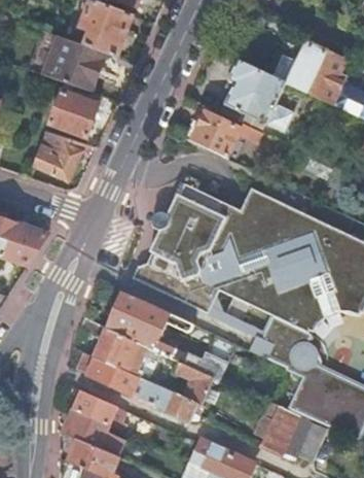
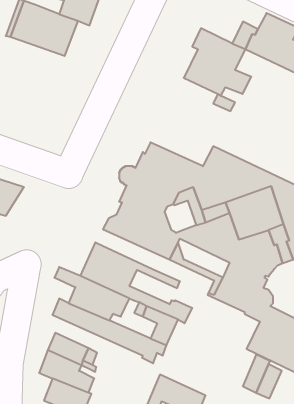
building: [49,81,103,137] -> none
building: [192,111,242,159] -> none
building: [33,130,90,180] -> none
building: [255,402,298,452] -> none

